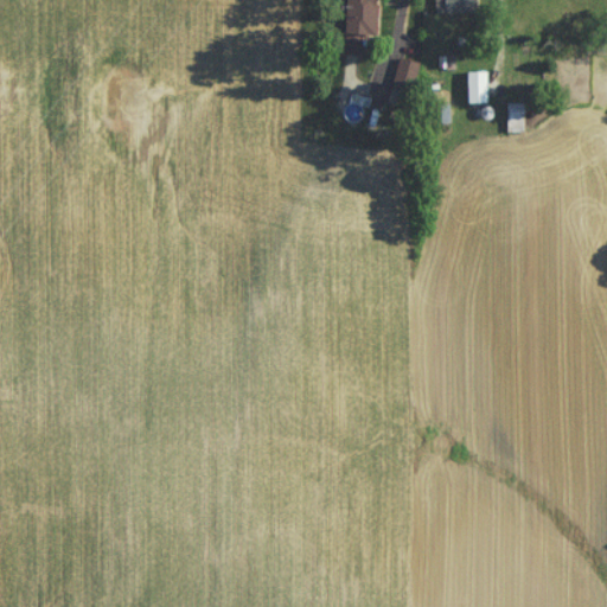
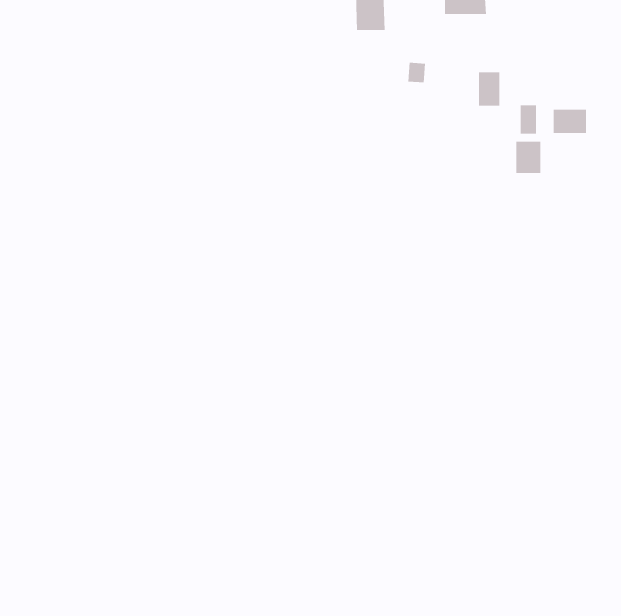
building: none -> [553,109,586,134]
building: none -> [516,141,541,174]

